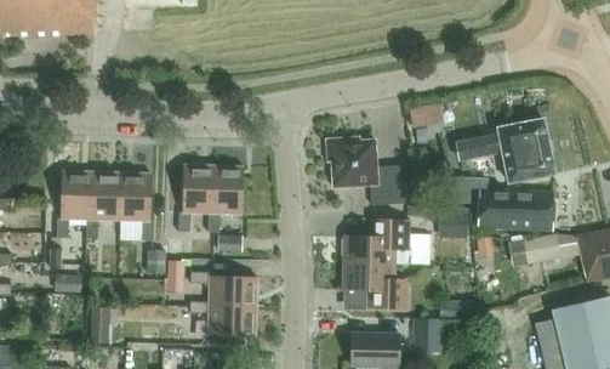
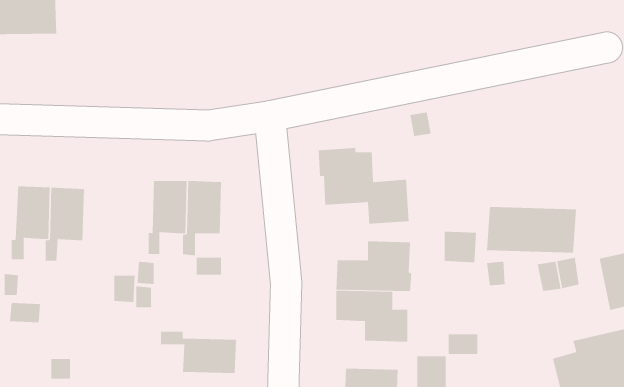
building: [457,119,554,182] -> none
building: [120,174,153,239] -> none
building: [189,271,256,307] -> none

